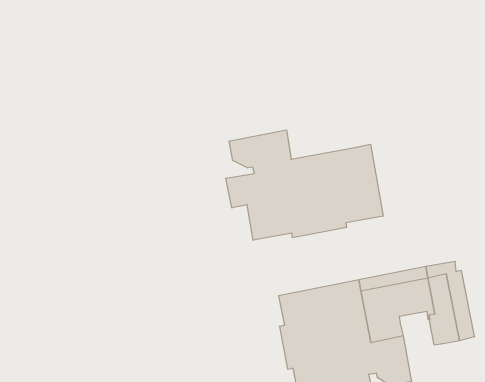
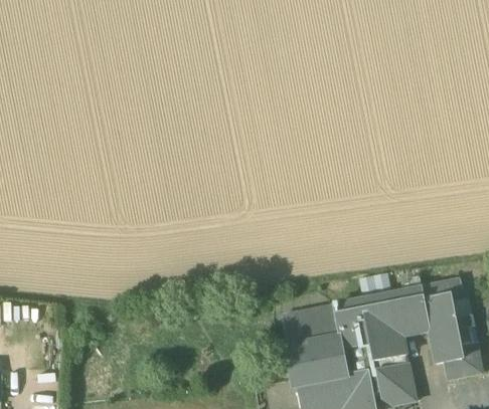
building: [226,130,383,240] -> none
building: none -> [445,356,481,379]

